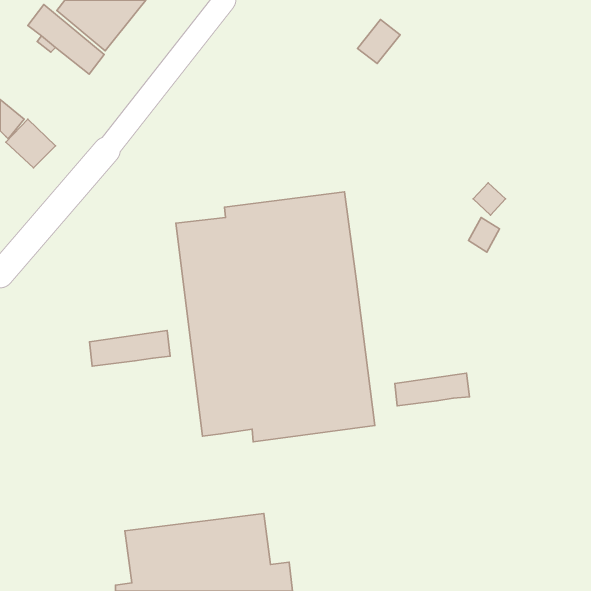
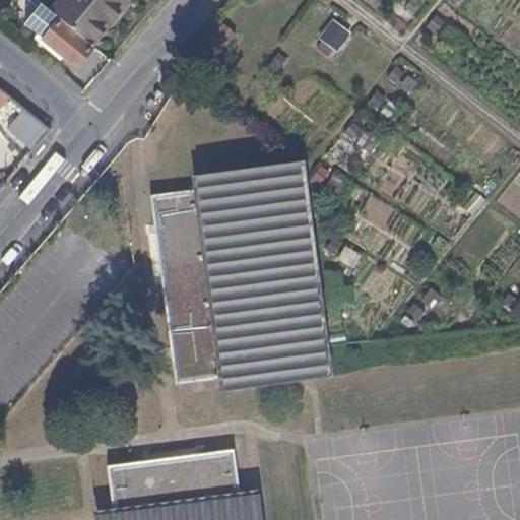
building: [90,330,170,366] -> none
building: [395,373,469,406] -> none

